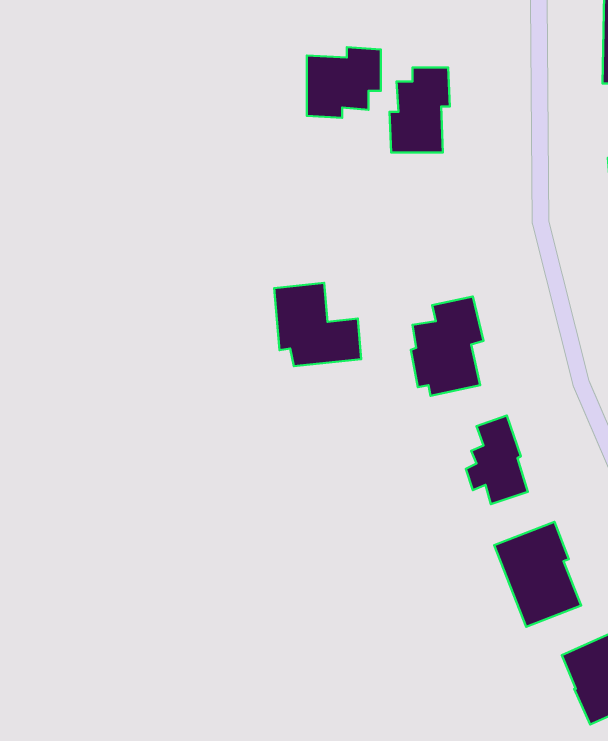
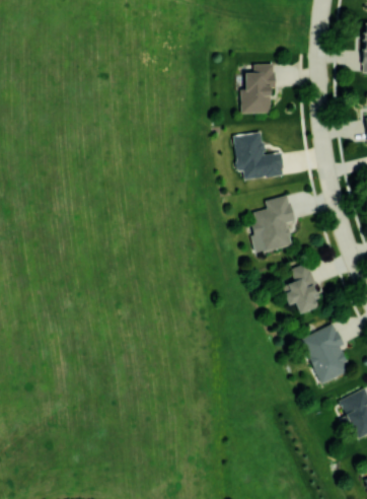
building: [307,47,381,118] -> none
building: [274,283,361,366] -> [234,132,284,180]

